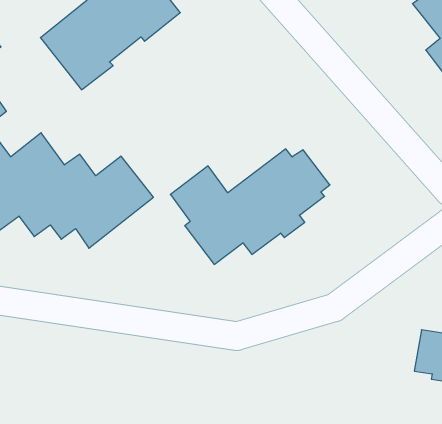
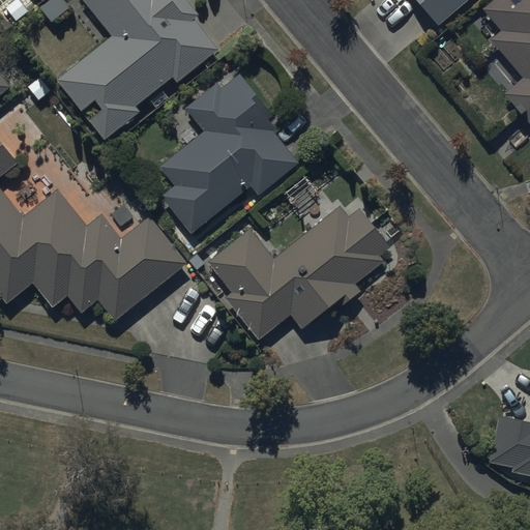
building: none -> [159,73,300,233]

